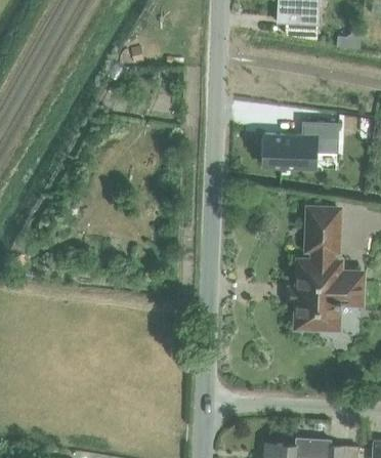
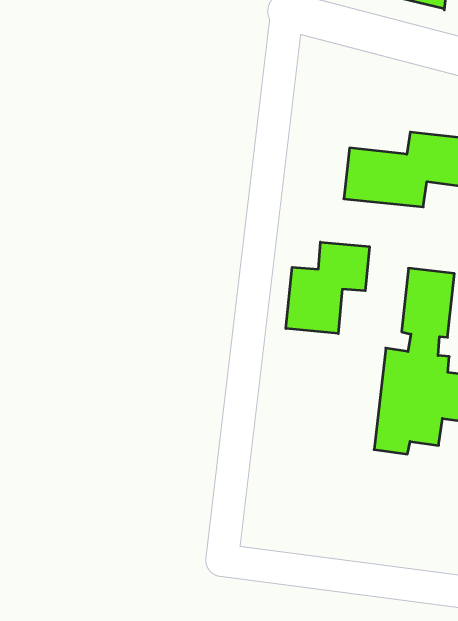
building: none -> [286,242,369,334]

